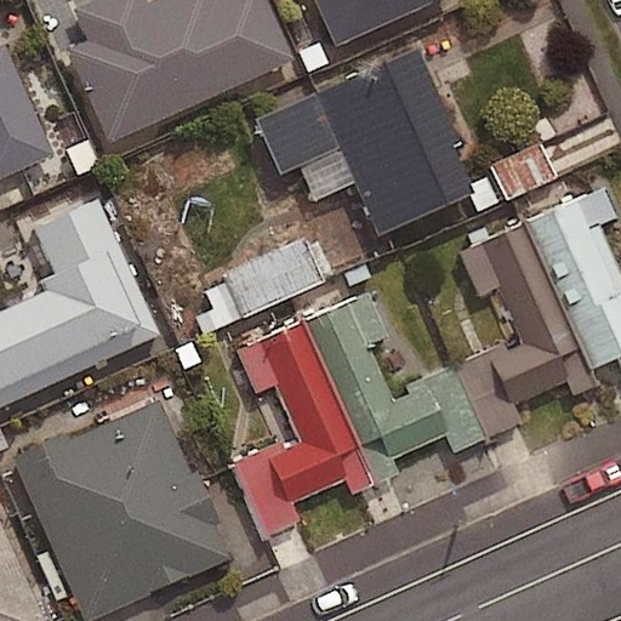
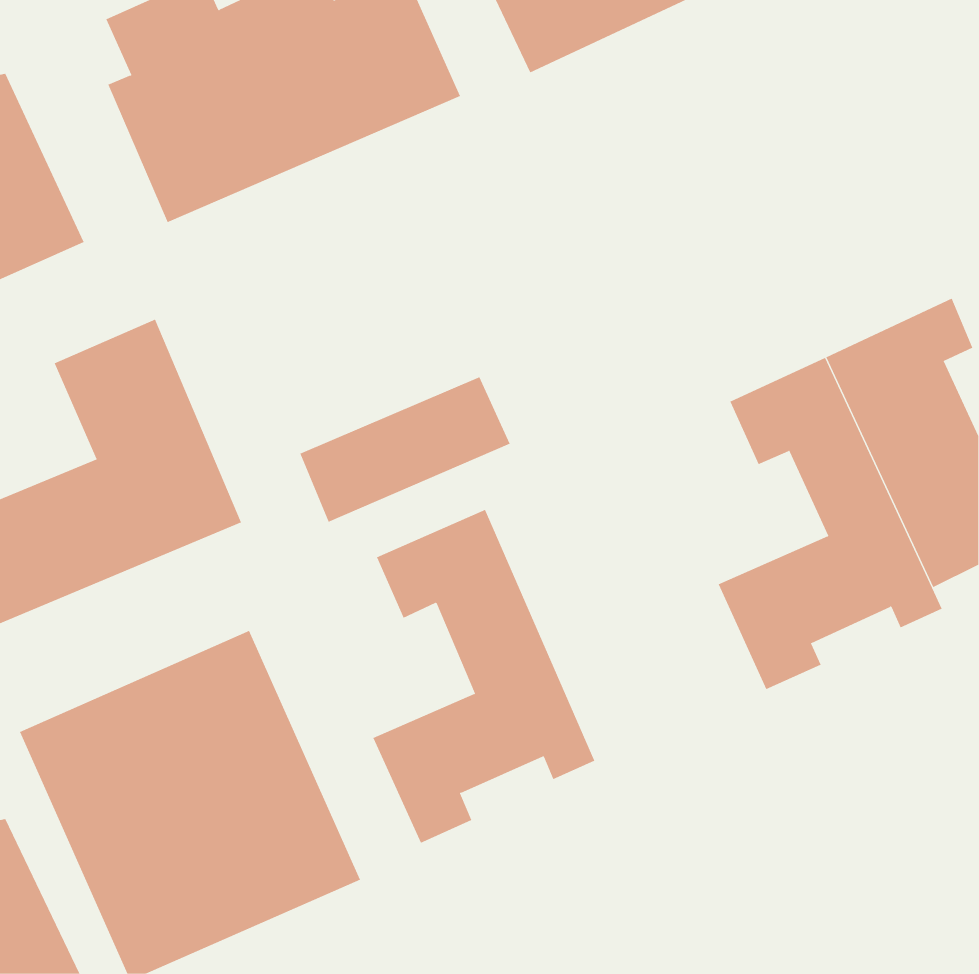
building: [257,52,475,237] -> none
building: [307,292,484,480] -> none

